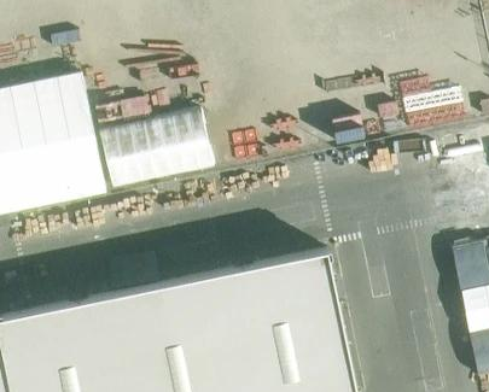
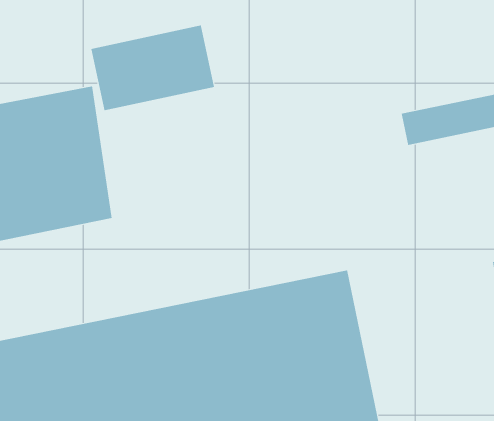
building: [103,106,216,185] -> [91,25,215,111]

